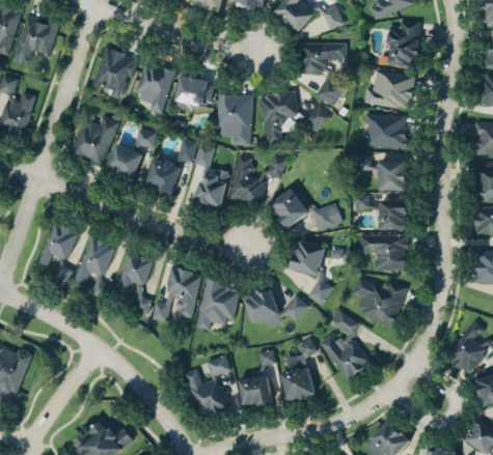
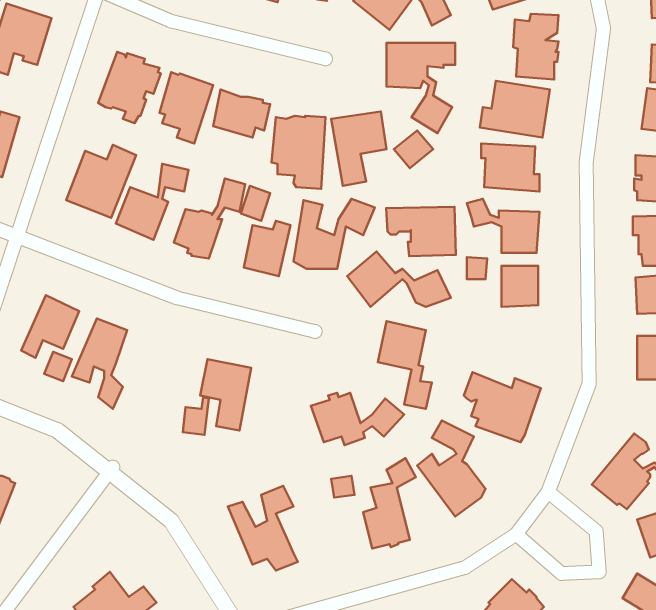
building: [359,234,409,269] -> [386,207,456,256]
building: [115,253,153,314] -> none
building: [196,279,239,331] -> none
building: [239,374,272,407] -> none

